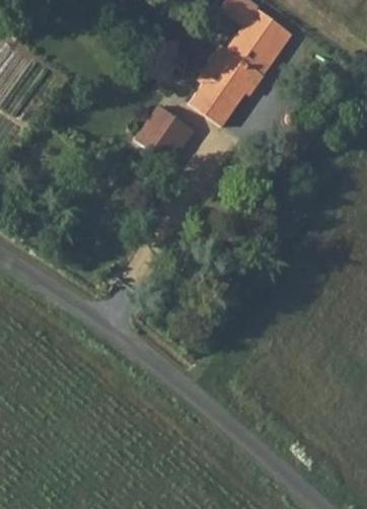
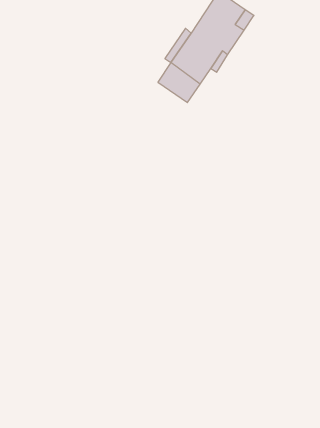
building: [134,103,191,159] -> none

